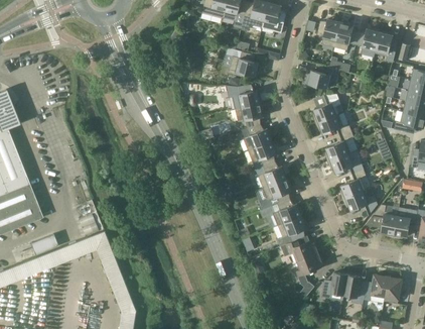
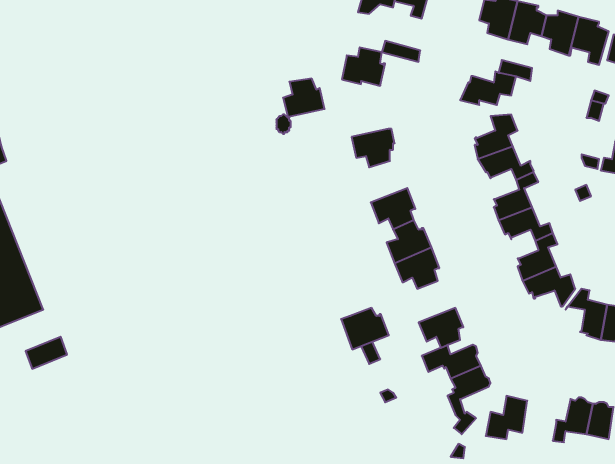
building: [234,85,260,109] -> [283,79,325,117]
building: [245,124,272,150] -> none
building: [272,200,302,226] -> [341,308,389,349]
building: [344,276,366,305] -> none

